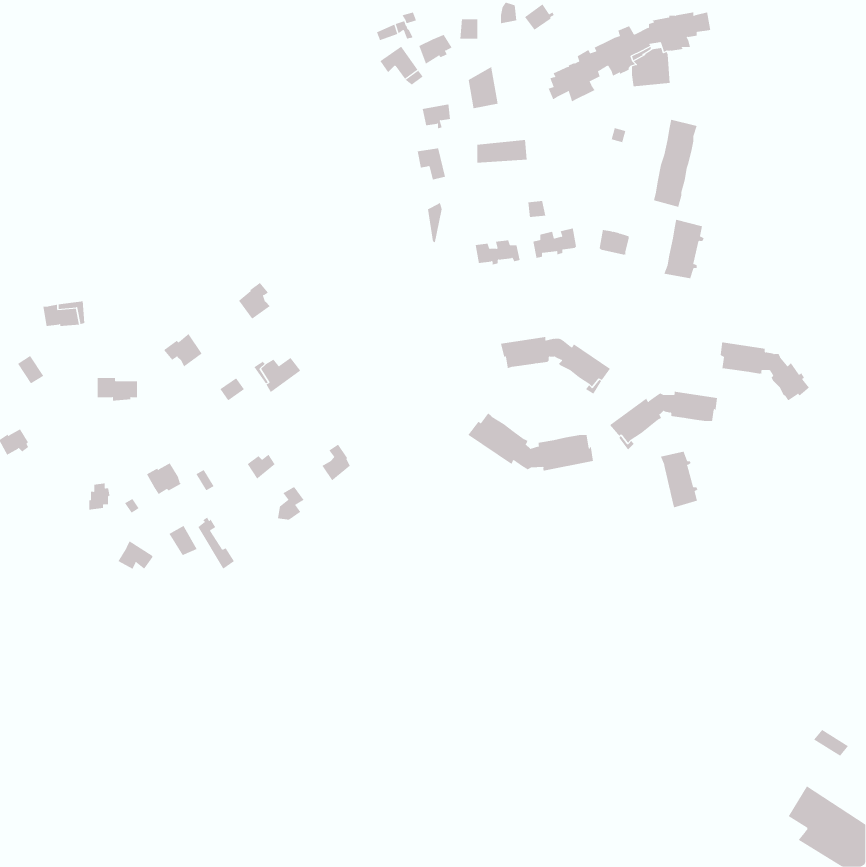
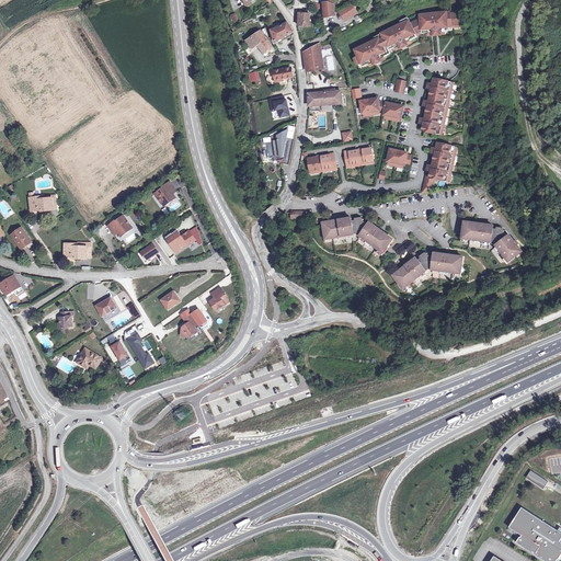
building: none -> [358,98,402,117]
building: [467,412,594,471] -> none
building: [660,451,698,508] -> none

